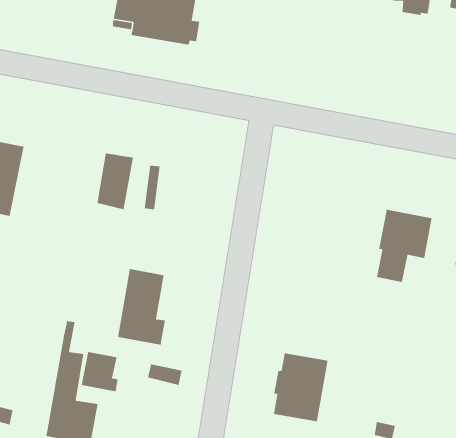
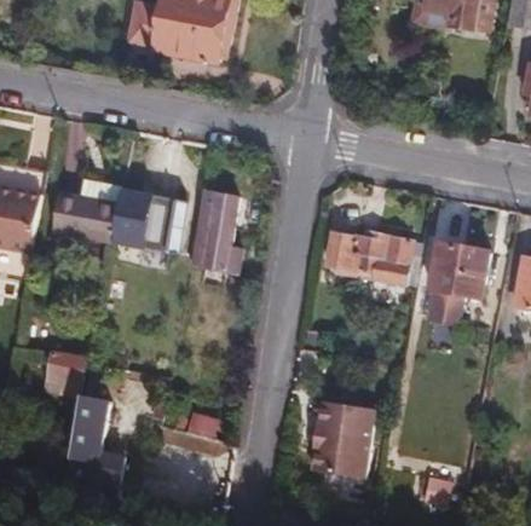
building: none -> [48,184,117,247]
building: none -> [323,230,409,283]
building: [117,268,166,345] -> [186,191,239,276]
building: [81,351,119,392] -> [44,352,85,397]

